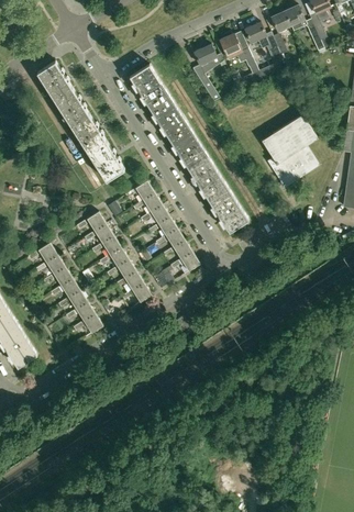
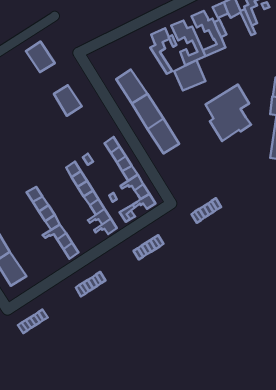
building: [130,64,168,108] -> none
building: none -> [174,60,206,91]
building: [54,88,89,126] -> none
building: [88,142,124,181] -> none
building: [209,189,248,232] -> none

